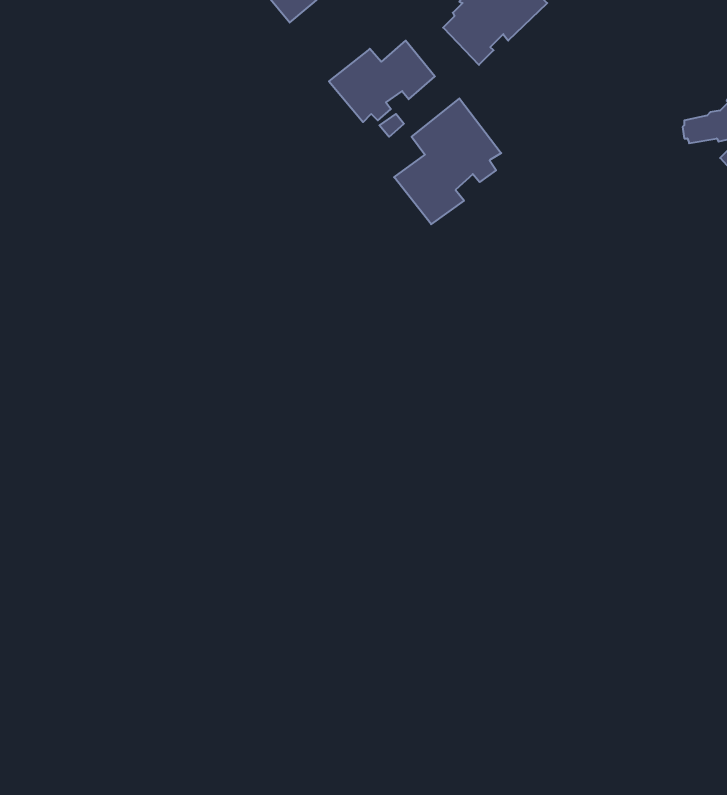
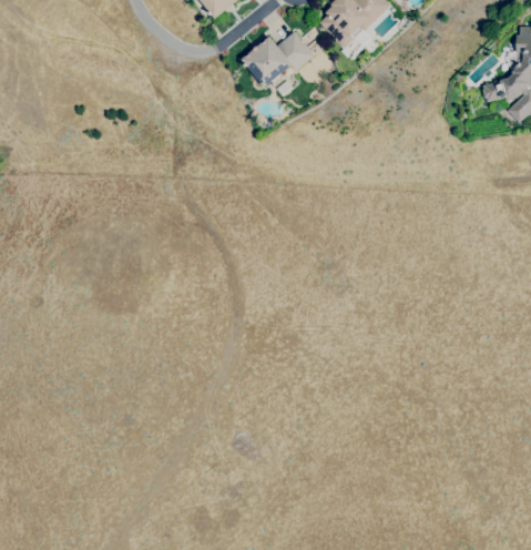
building: [394,98,501,224] -> none

